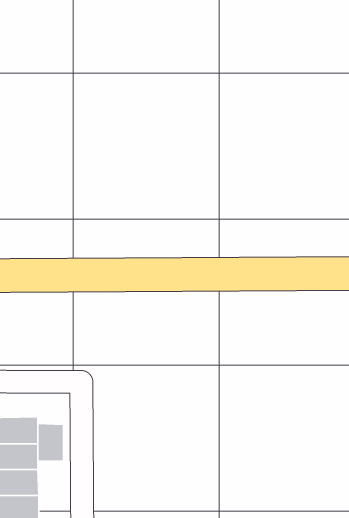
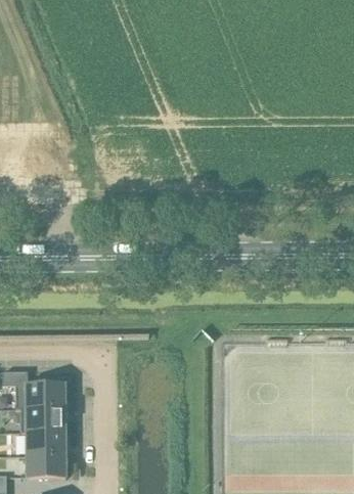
building: [38,423,64,466] -> none

